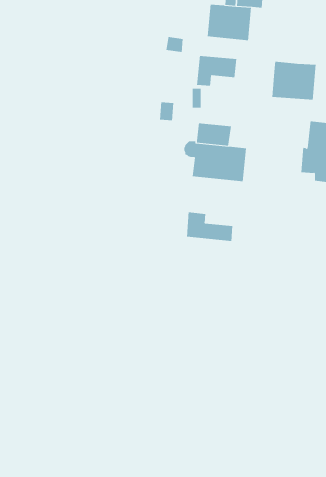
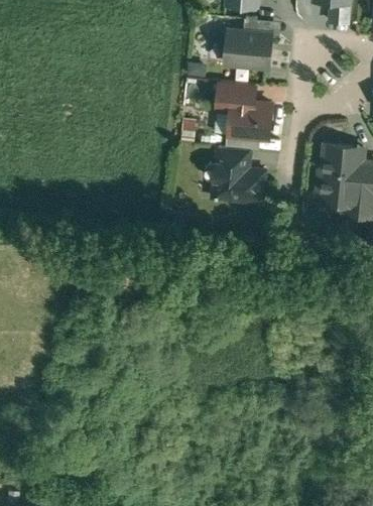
building: [271,61,317,100] -> [228,101,271,138]
building: [186,212,233,242] -> none

